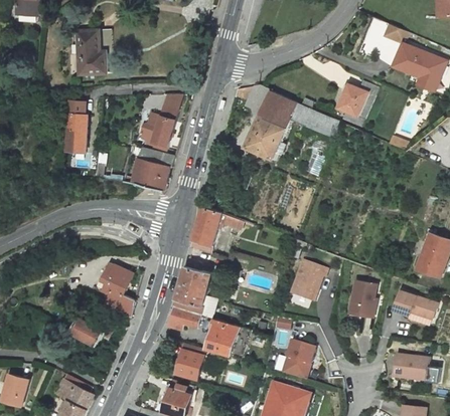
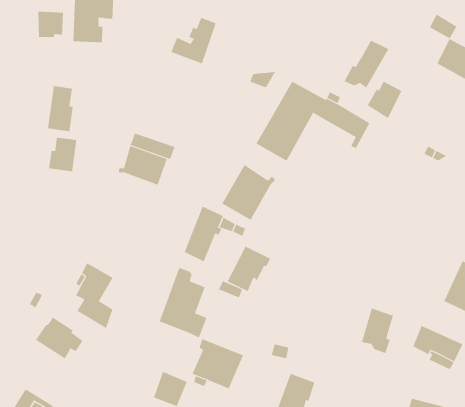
building: none -> [38,11,64,38]
building: none -> [344,40,389,88]
building: [140,106,177,146] -> [171,17,217,64]
building: none -> [49,137,77,172]
building: none -> [220,164,276,221]
building: [290,260,326,299] -> [227,246,271,292]
building: [167,306,199,331] -> none

